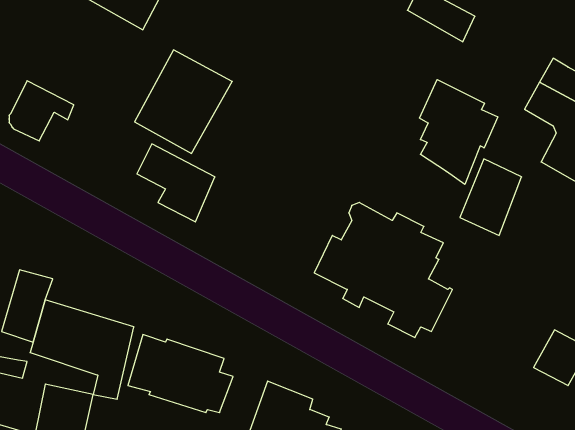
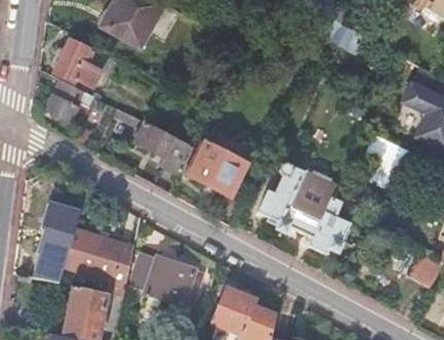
building: none -> [56,40,103,86]
building: [135,50,232,153] -> [191,126,257,197]
building: [420,80,498,184] -> none

